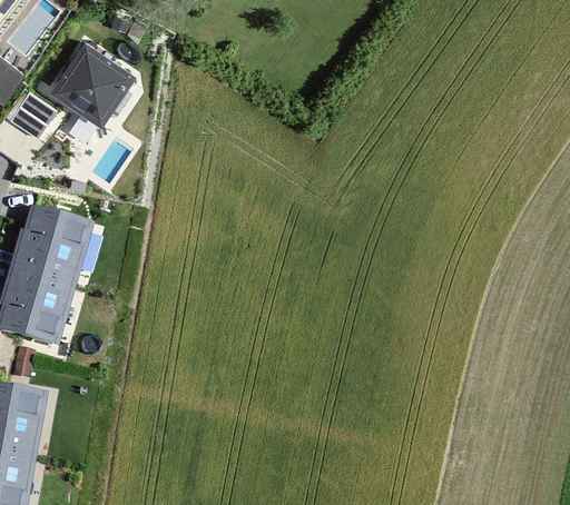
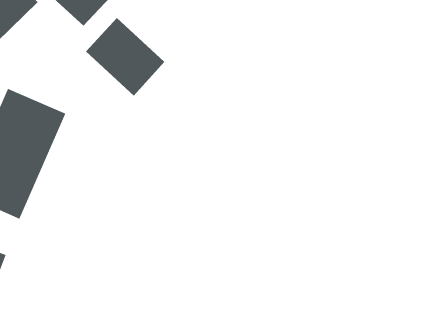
building: none -> [85,17,165,96]

